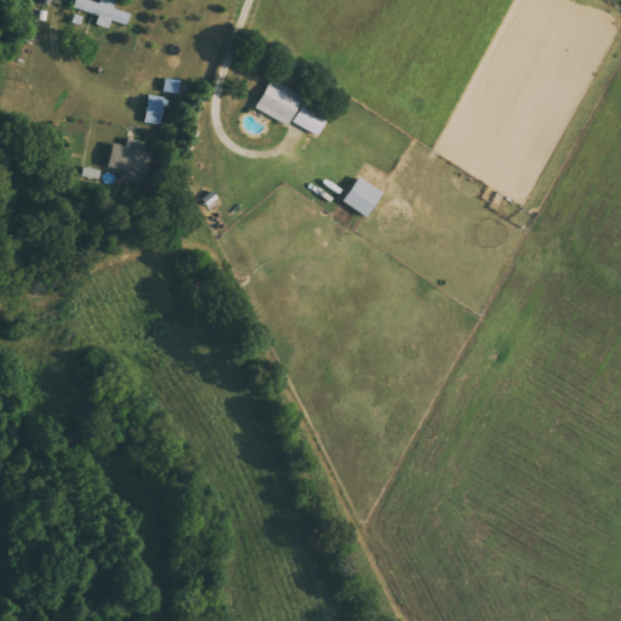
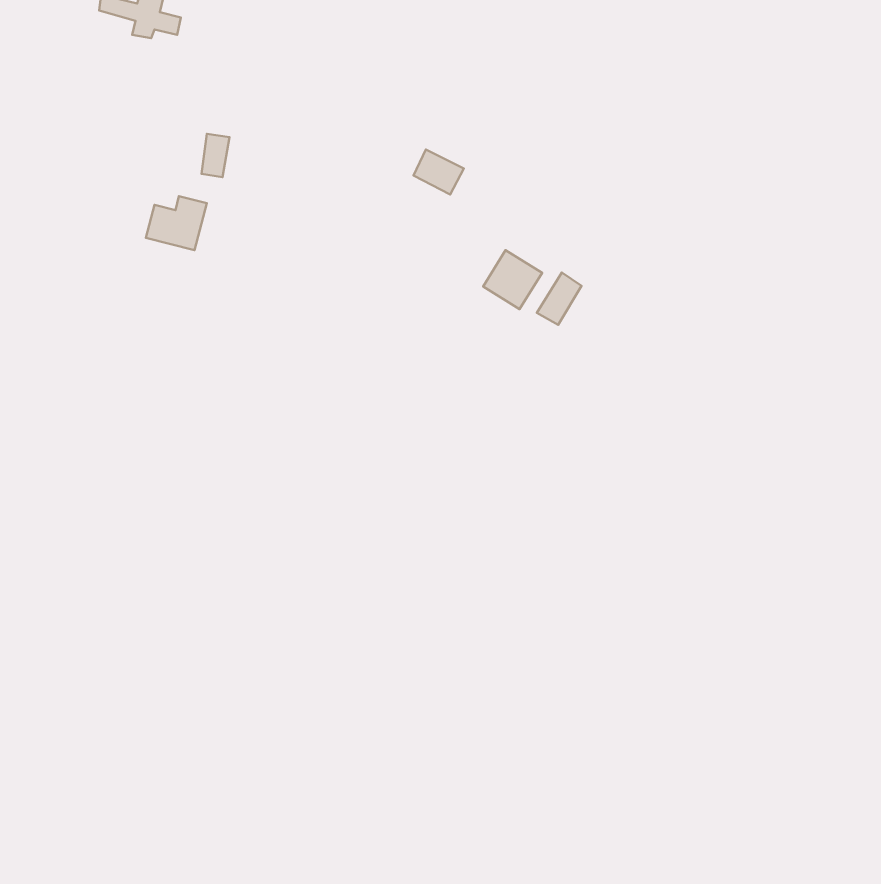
building: [257,81,303,125] -> none
building: none -> [537,272,582,325]

